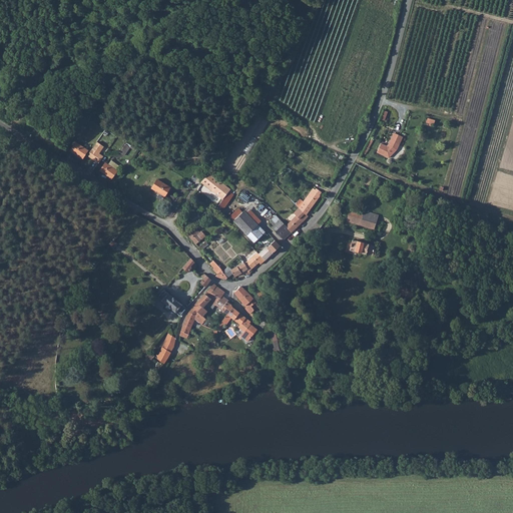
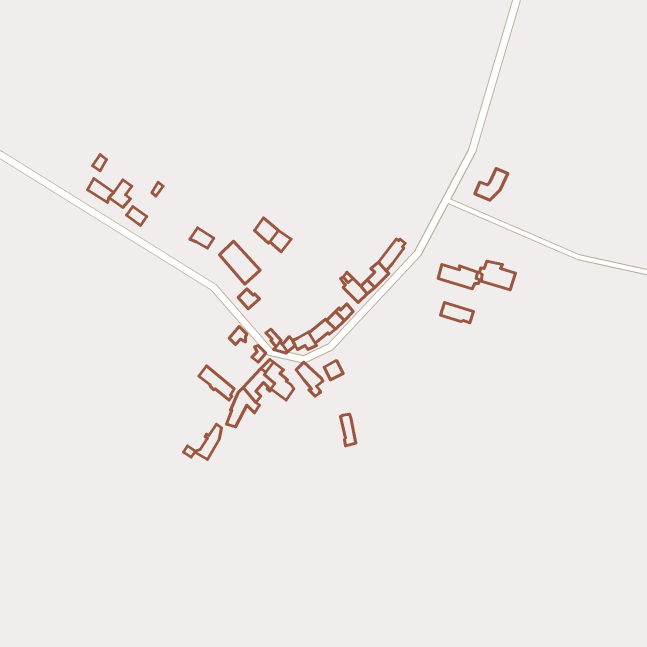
building: none -> [480,261,515,290]
building: [232,210,265,244] -> [220,241,260,284]
building: [220,308,258,342] -> none

